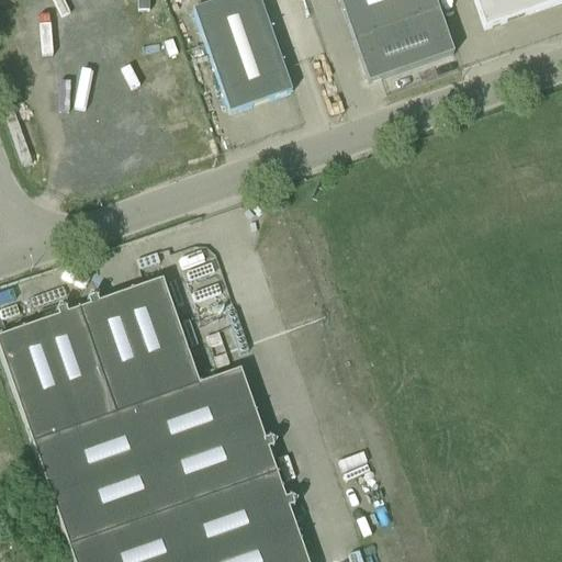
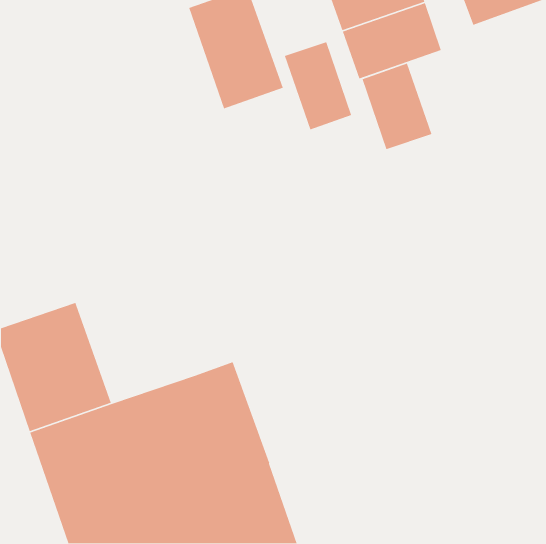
building: none -> [284,41,352,131]
building: none -> [362,62,433,150]
building: [80,279,202,412] -> none

